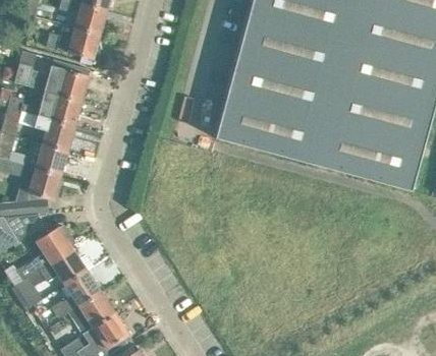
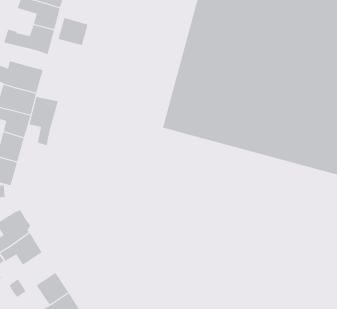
building: none -> [58,17,88,46]
building: none -> [29,96,59,146]
building: [65,271,101,306] -> none

